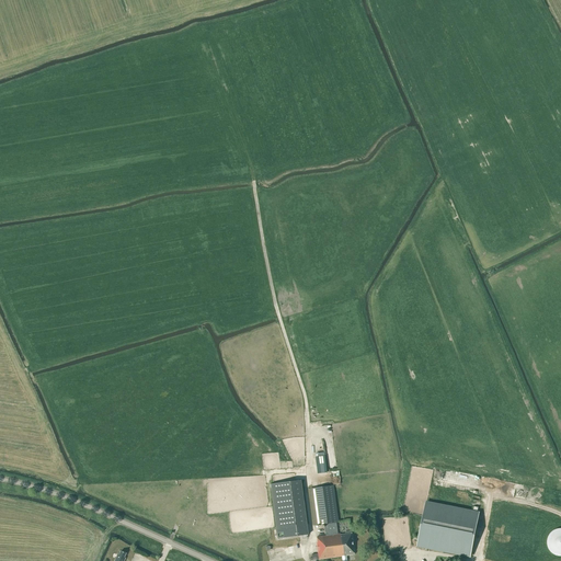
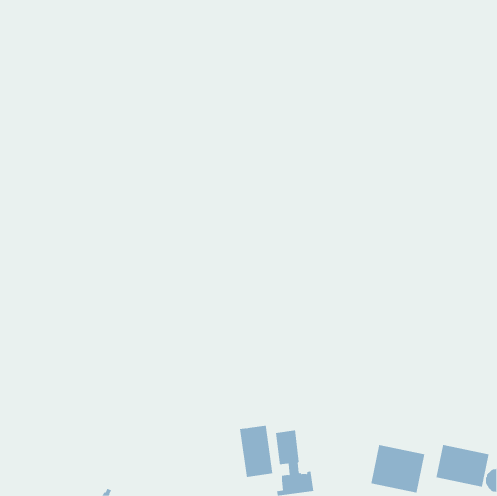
building: none -> [436,444,489,488]

